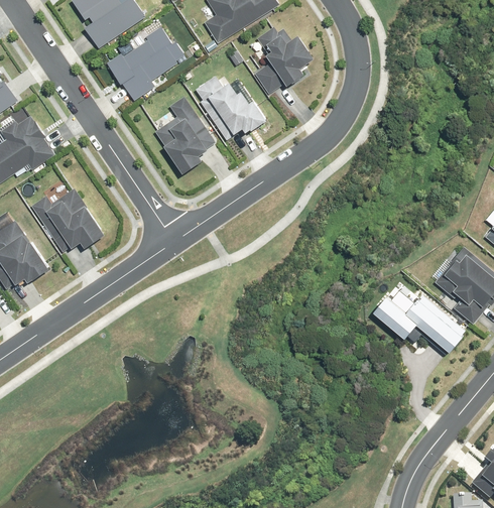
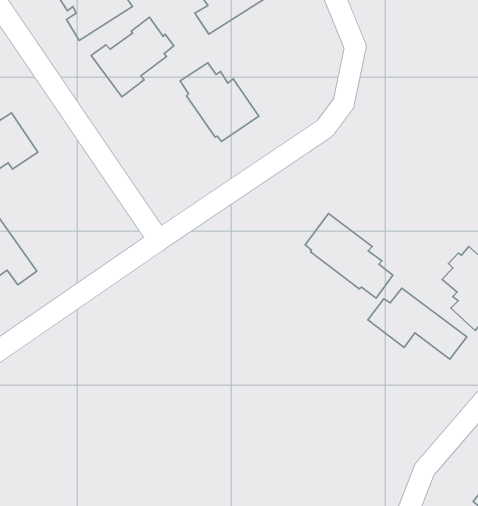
building: [251,24,314,95] -> none
building: [153,96,219,174] -> none
building: [31,188,104,253] -> none
building: none -> [305,214,393,298]

